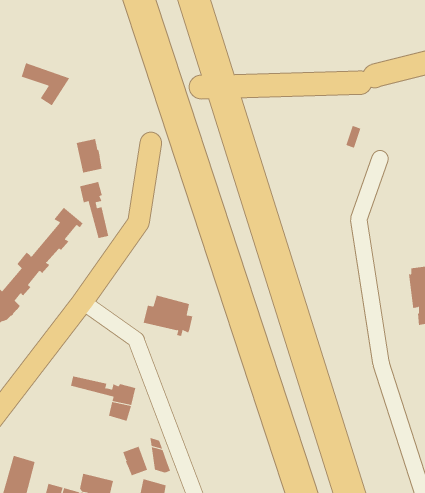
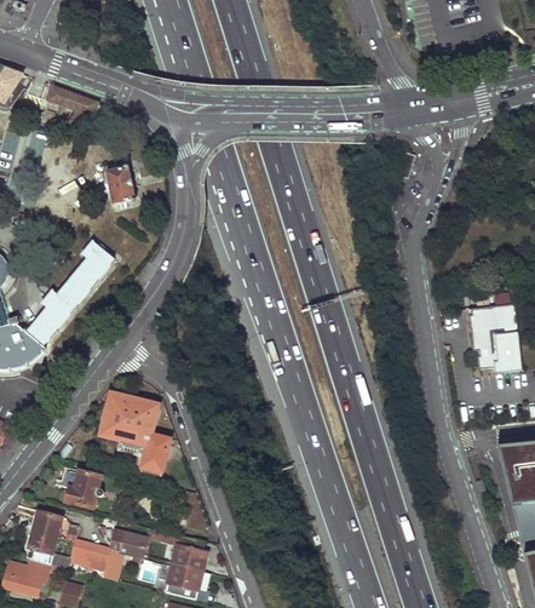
building: [80,181,109,239] -> none
building: [143,295,193,336] -> [103,394,157,438]
building: none -> [61,466,104,509]
building: [122,446,148,476] -> none

